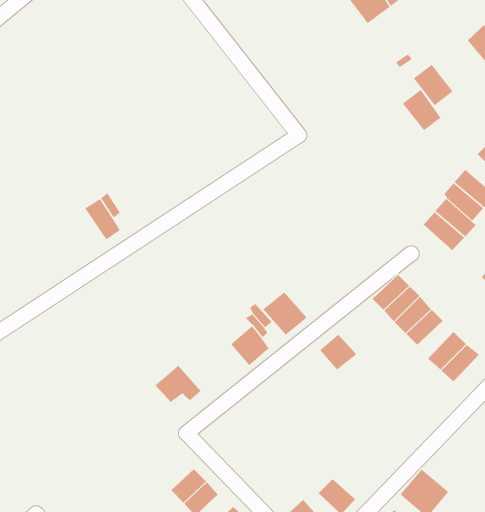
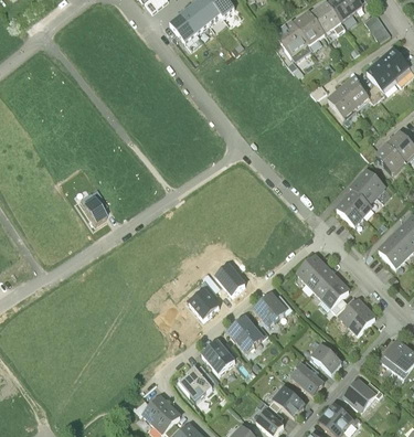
building: [402,89,441,131] -> [340,79,370,111]
building: none -> [227,316,262,347]
building: [155,365,201,403] -> [177,365,212,394]
building: none -> [198,337,233,371]
building: none -> [308,338,341,369]
building: none -> [287,356,322,391]
building: none -> [341,374,375,408]
building: none -> [269,380,305,413]

